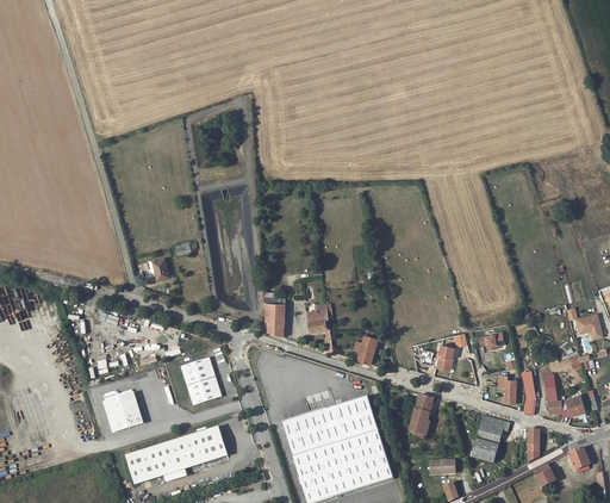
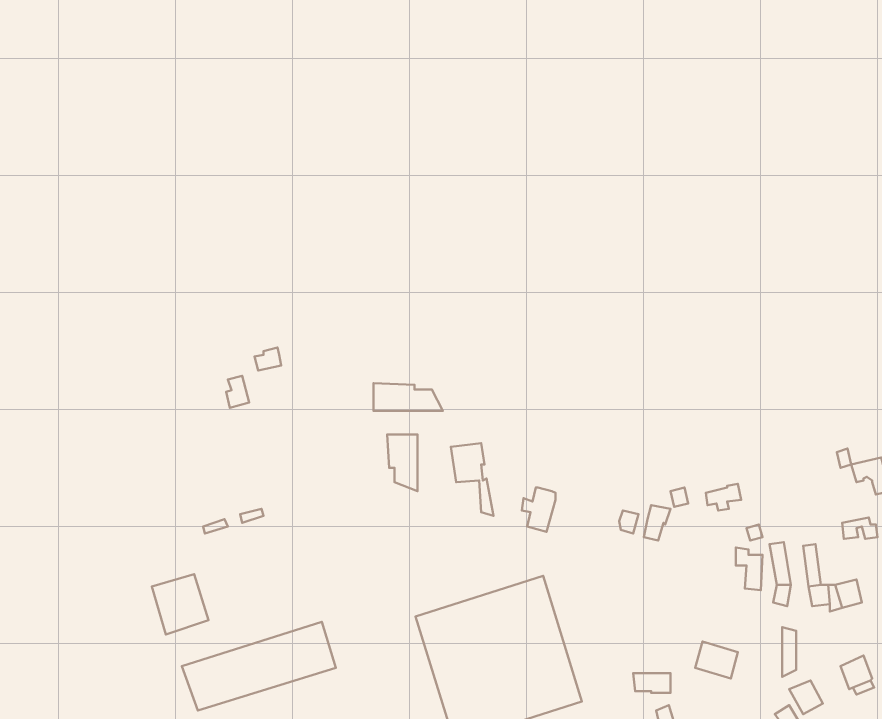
building: none -> [374,383,443,411]
building: [181,356,222,405] -> none
building: [410,393,434,434] -> none
building: [475,414,511,445] -> none

